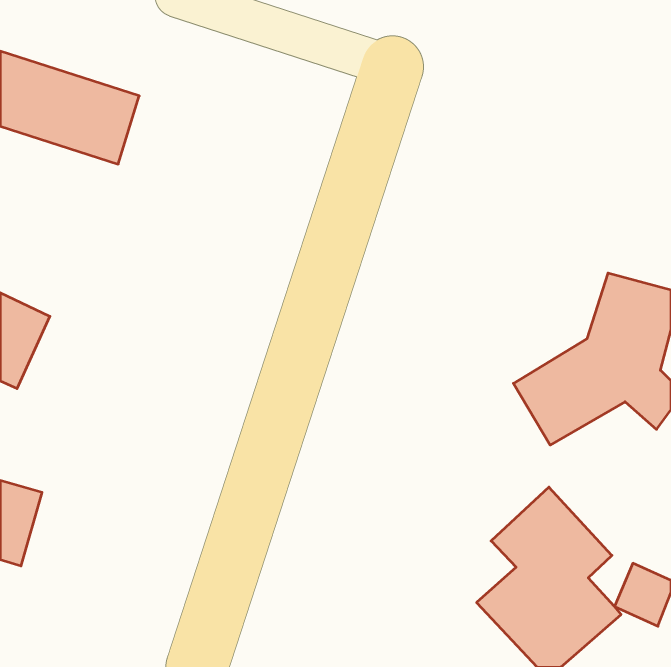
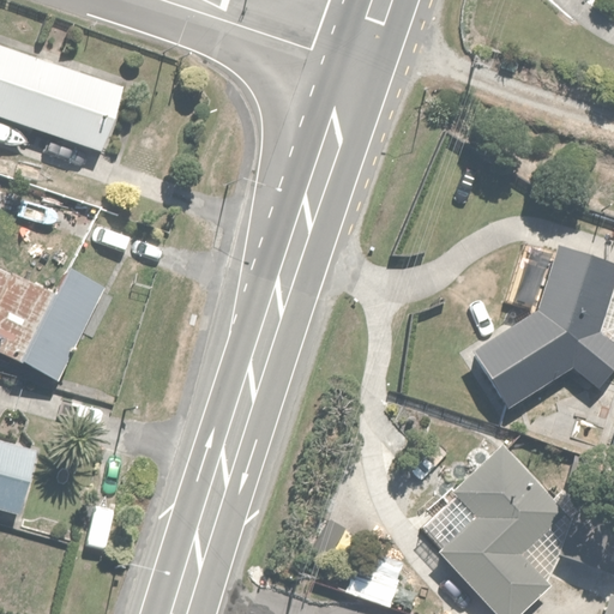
building: none -> [23,271,106,380]

